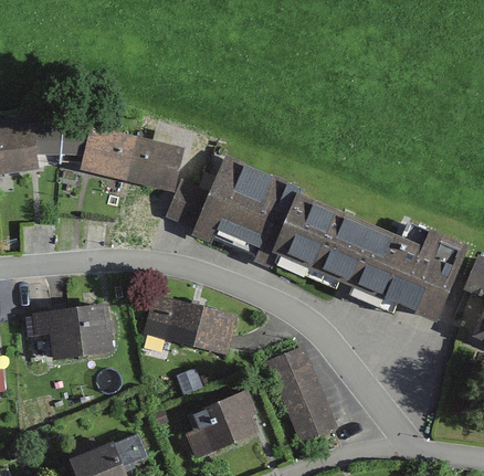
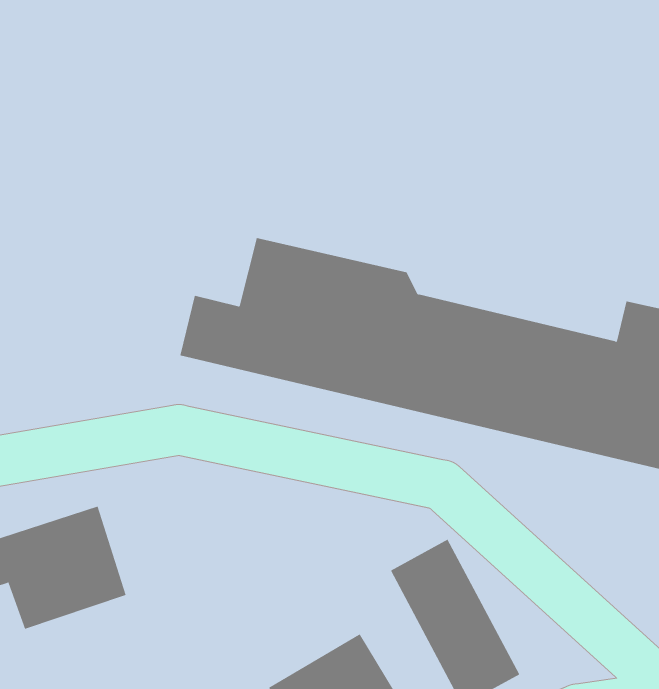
building: [78,128,176,191] -> none
building: [141,295,235,352] -> none

